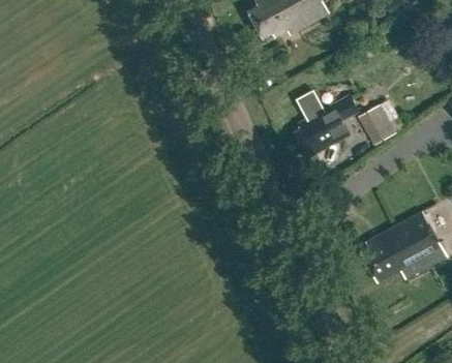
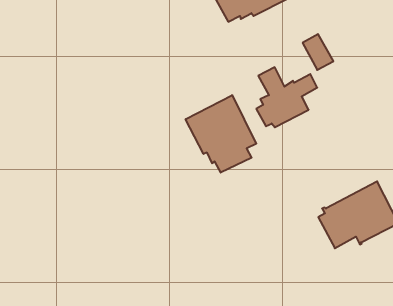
building: [362,104,395,143] -> [303,34,333,70]
building: none -> [186,95,256,173]

